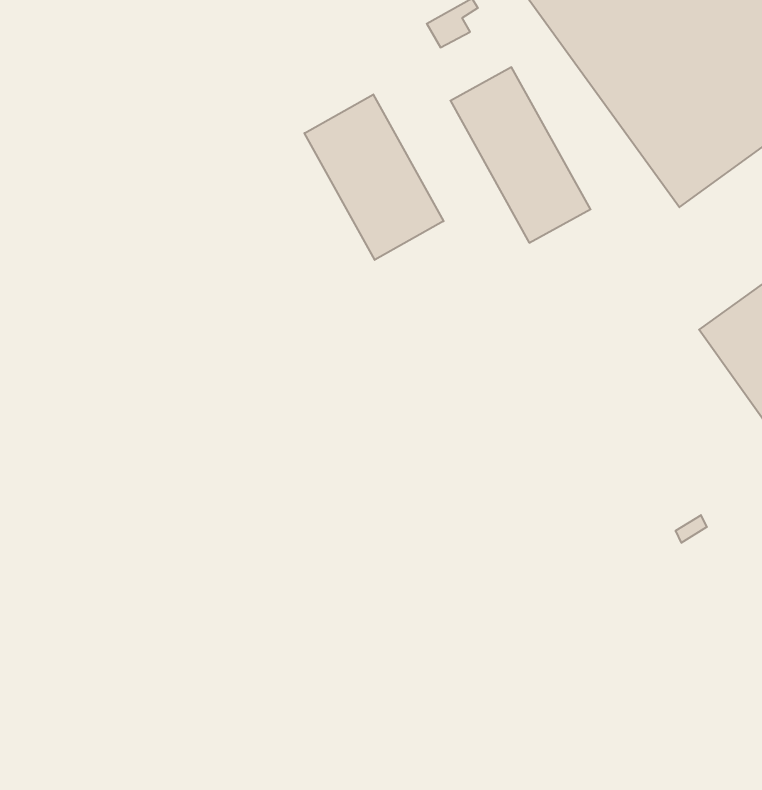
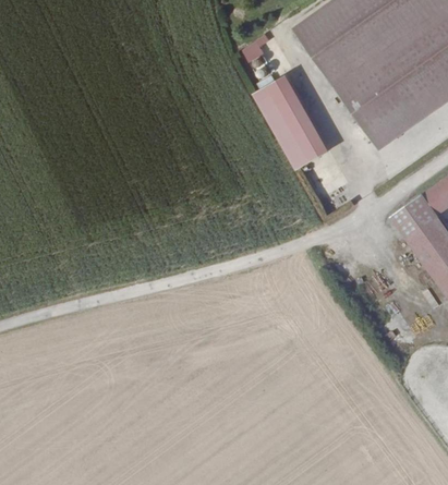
building: [304,94,444,260] -> none

